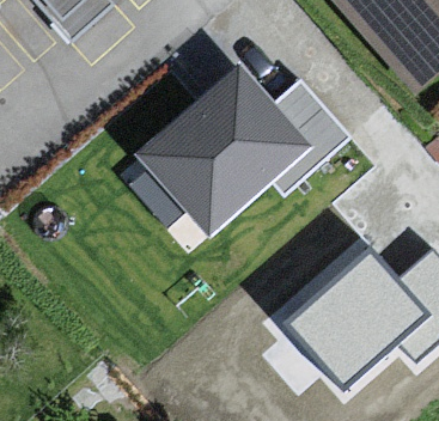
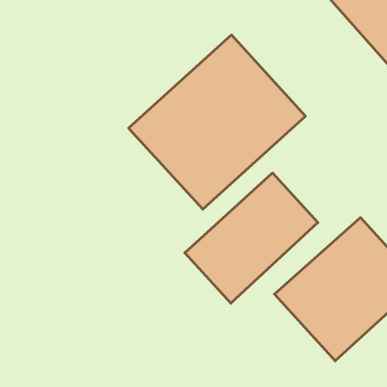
building: none -> [185,173,318,303]

